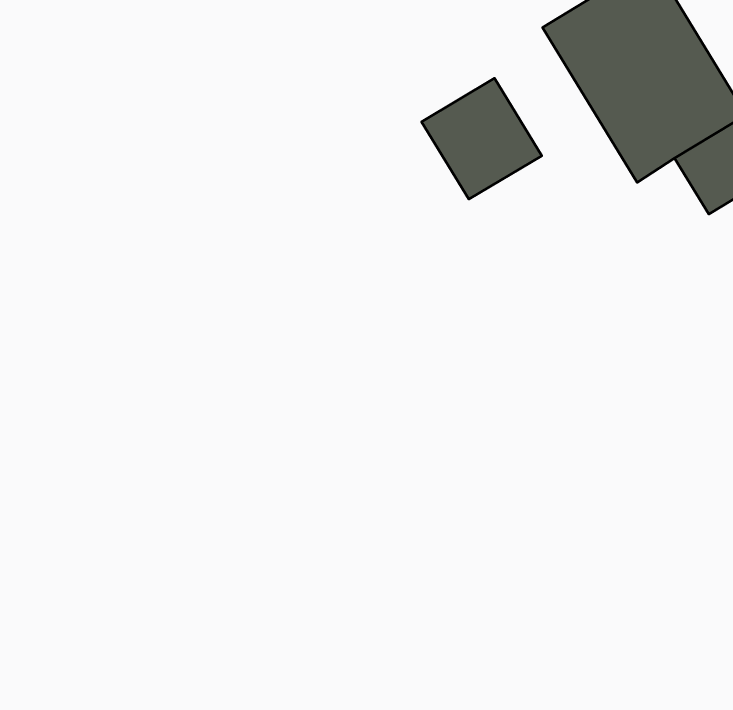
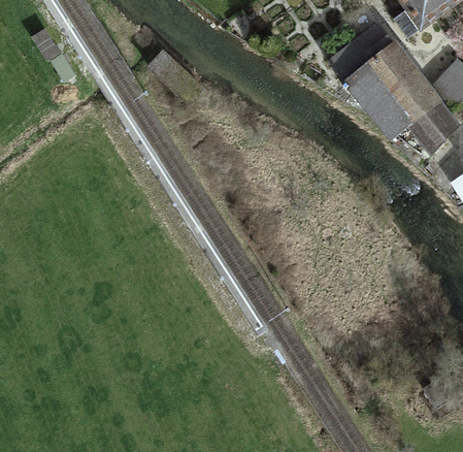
building: [422,78,542,199] -> none

